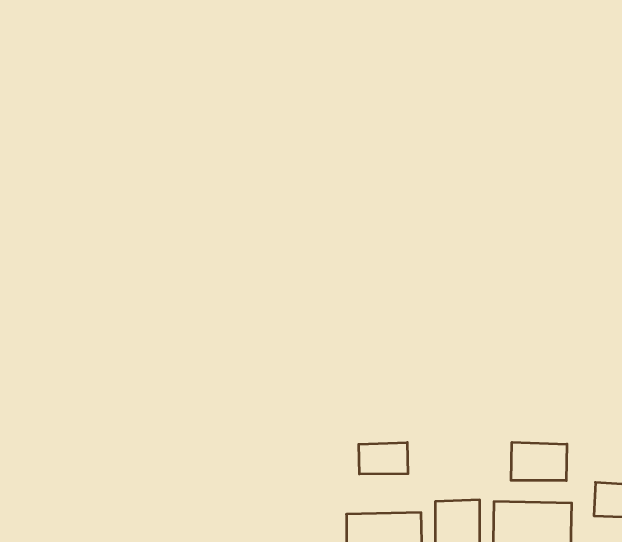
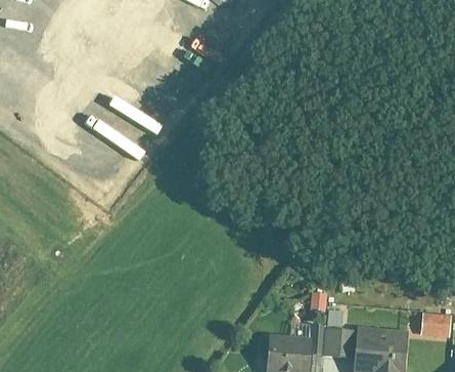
building: [511,442,567,481] -> none
building: [359,442,408,474] -> none

